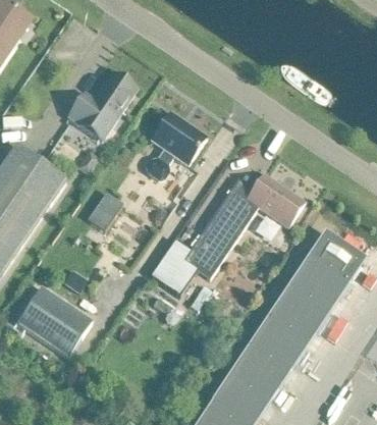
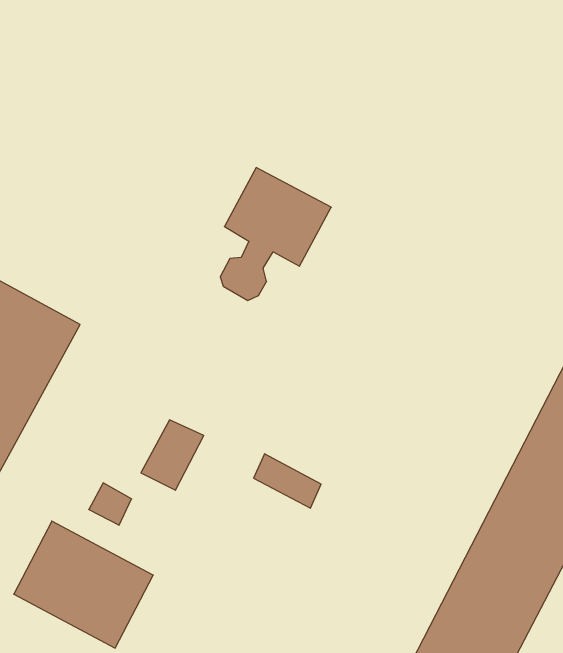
building: [65,69,138,141] -> none
building: [181,174,303,278] -> none
building: [86,192,121,229] -> [141,420,204,490]

